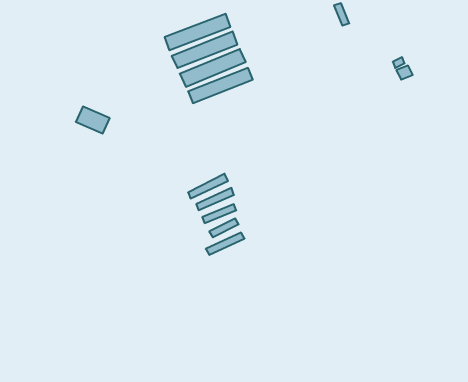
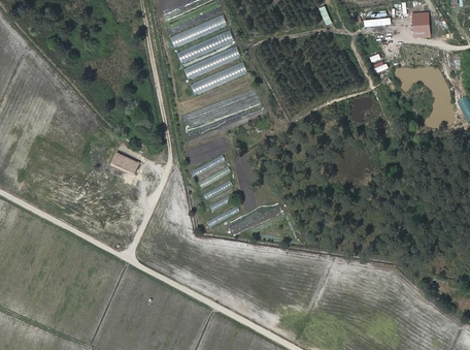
building: none -> [409,12,428,38]
building: [76,107,110,134] -> [109,151,139,174]

